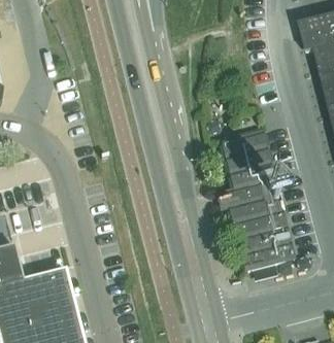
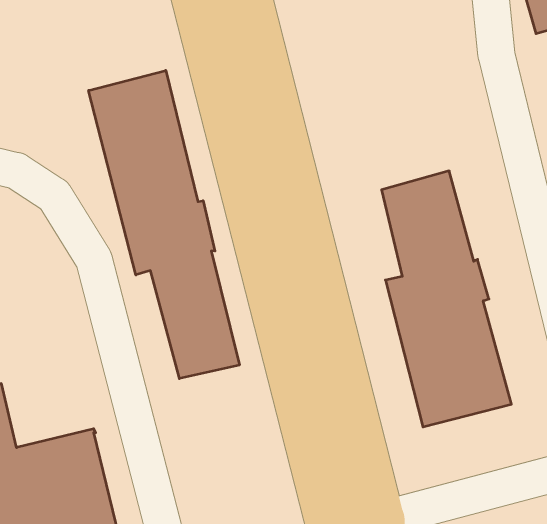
building: none -> [89,70,239,379]

